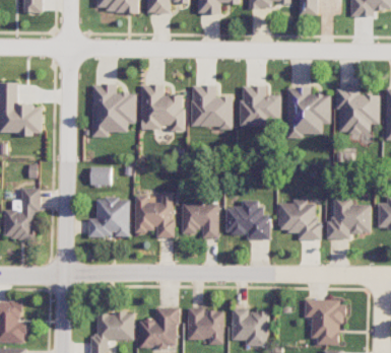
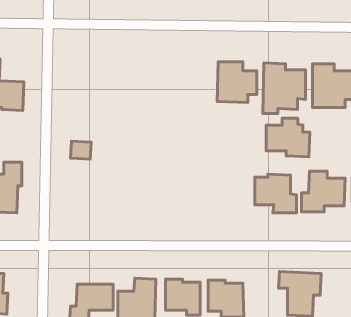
building: [92,83,137,136] -> none
building: [141,84,184,131] -> none
building: [191,84,233,127] -> none
building: [135,192,175,237] -> none
building: [88,198,130,236] -> none
building: [226,200,271,239] -> [266,118,310,157]
building: [182,202,220,237] -> none

